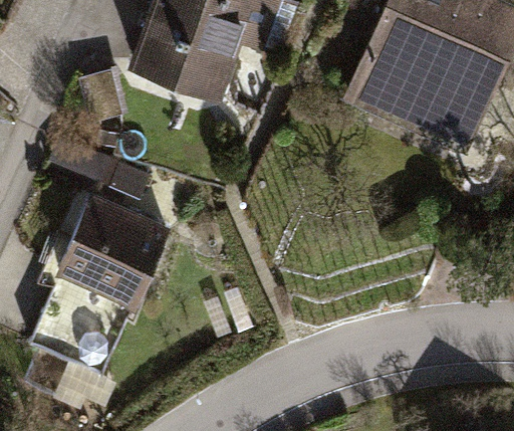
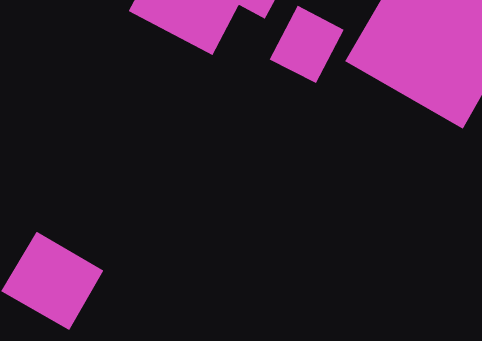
building: none -> [269,5,344,84]
building: [58,202,170,306] -> none

